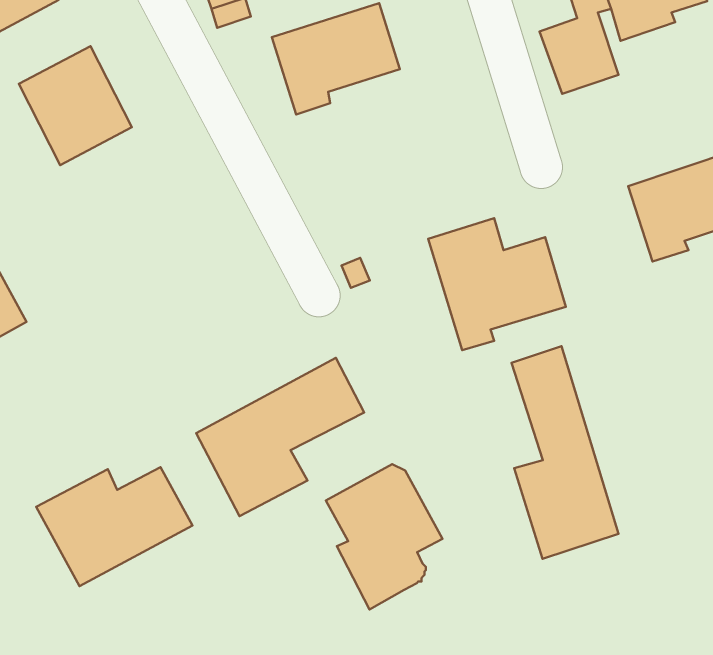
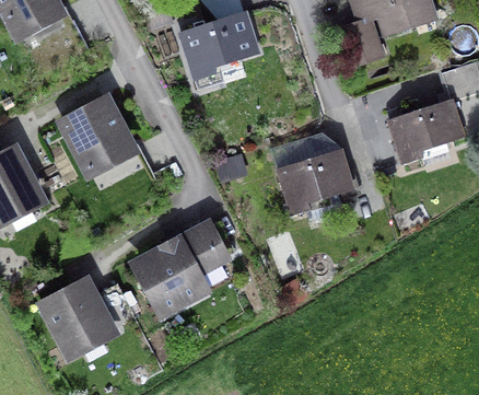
building: [19,46,132,165] -> [65,102,130,171]
building: [511,346,619,559] -> none
building: [326,464,443,610] -> none

